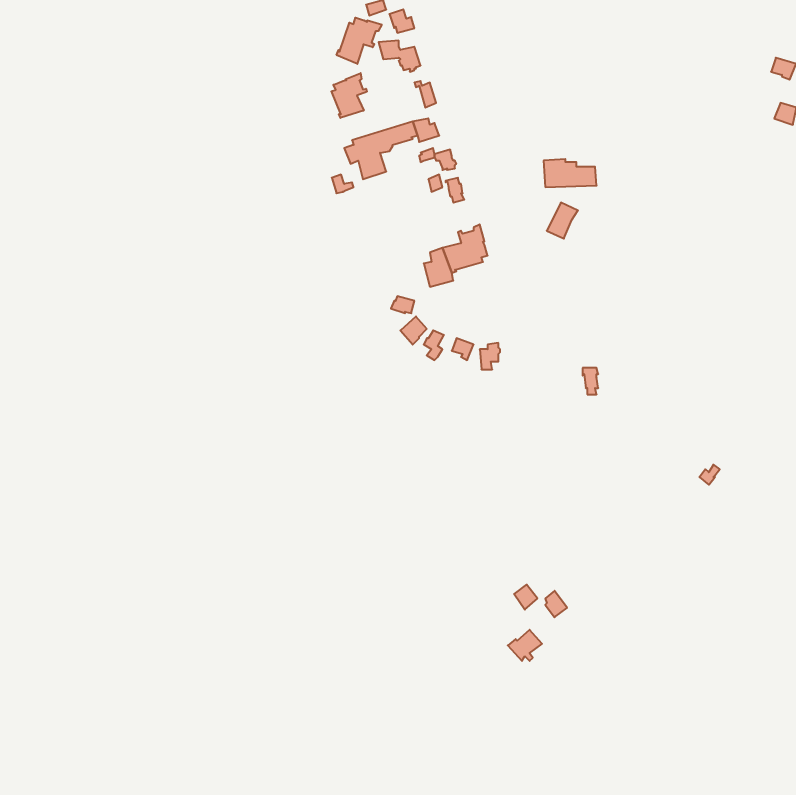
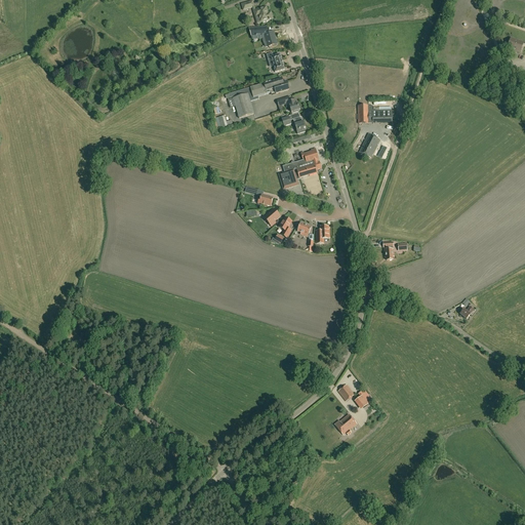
building: [337,18,382,64] -> none
building: [331,73,367,118] -> none

